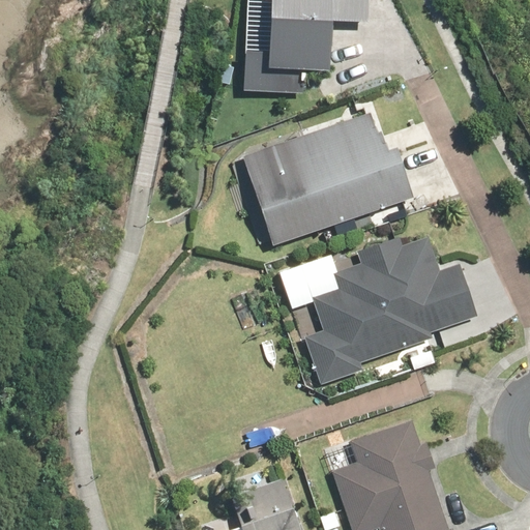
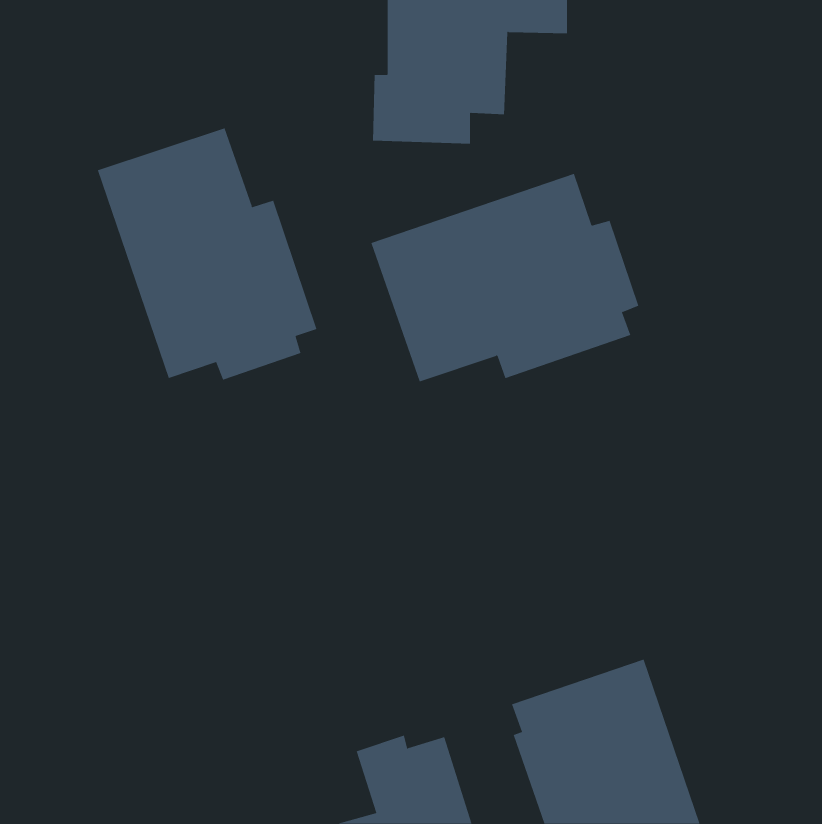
building: none -> [97,127,317,380]
building: [282,237,477,387] -> none

